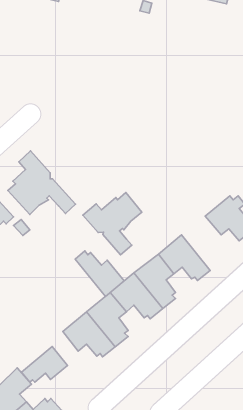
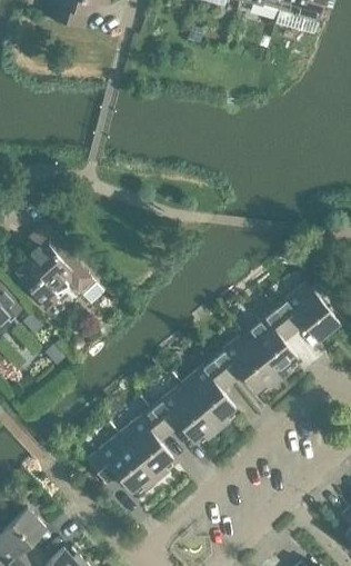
building: [83,192,142,255] -> none
building: none -> [242,309,297,380]
building: [75,251,124,296] -> none
building: [21,347,68,382] -> none

